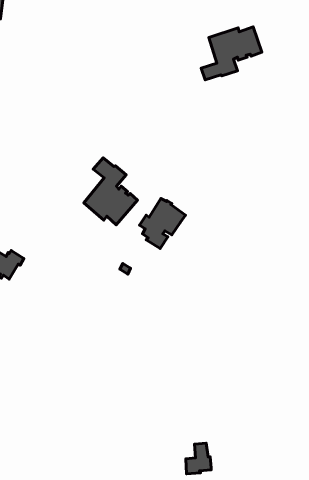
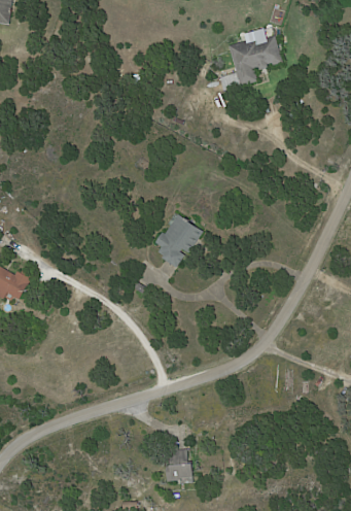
building: [84,158,137,225] -> none
building: [186,443,211,474] -> [165,449,191,481]

